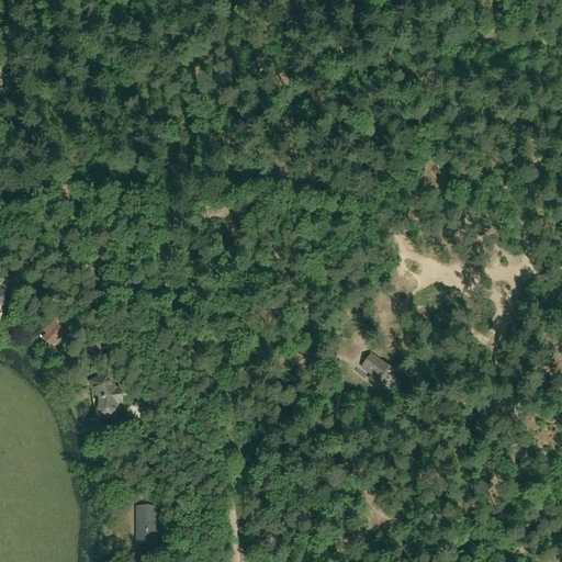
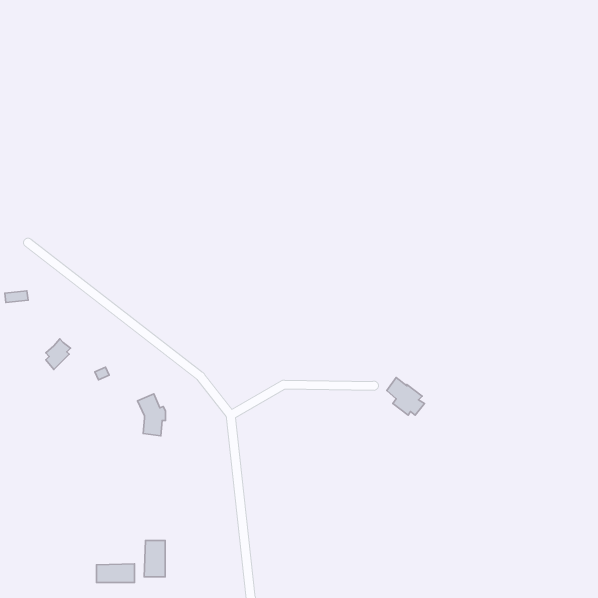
building: [92,376,119,416] -> [137,394,166,436]
building: none -> [97,564,135,582]

